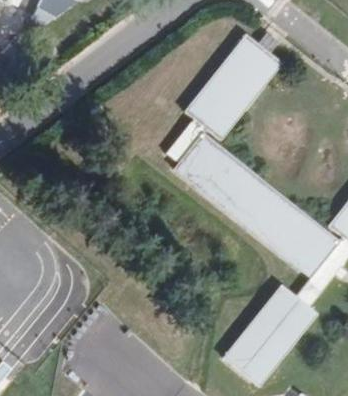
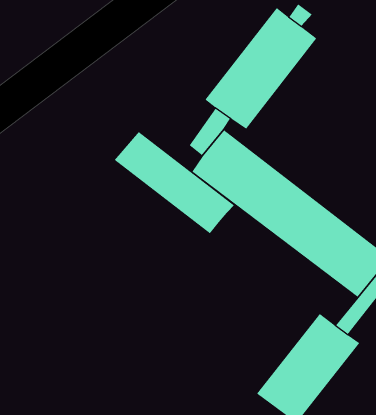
building: none -> [114,131,235,234]

